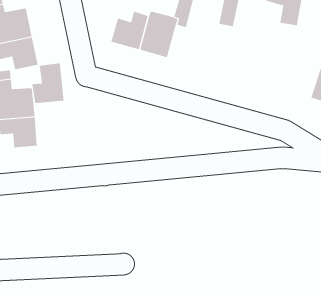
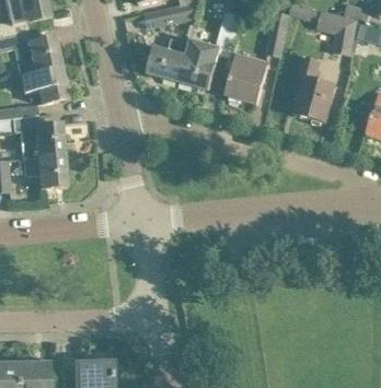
building: none -> [226,55,267,103]
building: none -> [293,55,335,125]
building: [32,63,64,104] -> none

